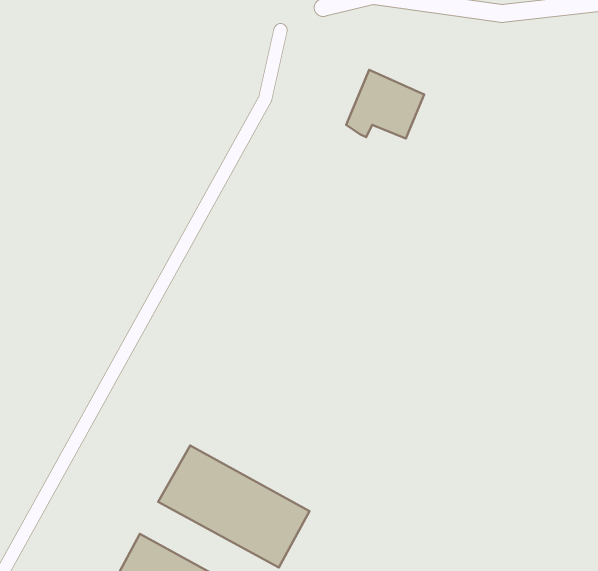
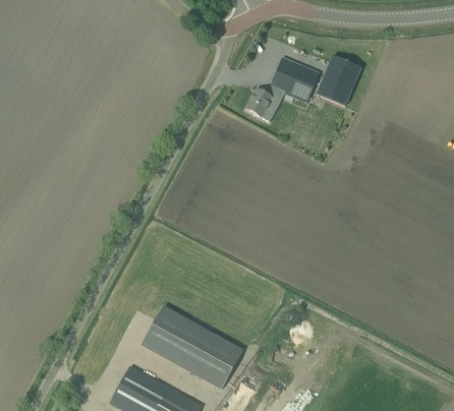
building: none -> [316,54,360,104]
building: none -> [245,87,276,117]

